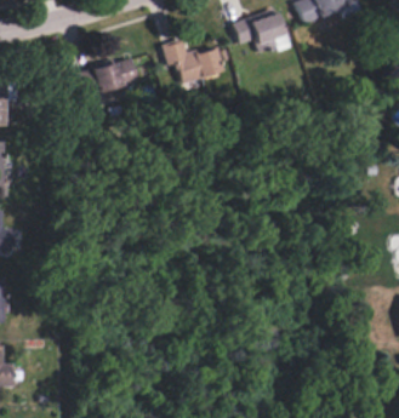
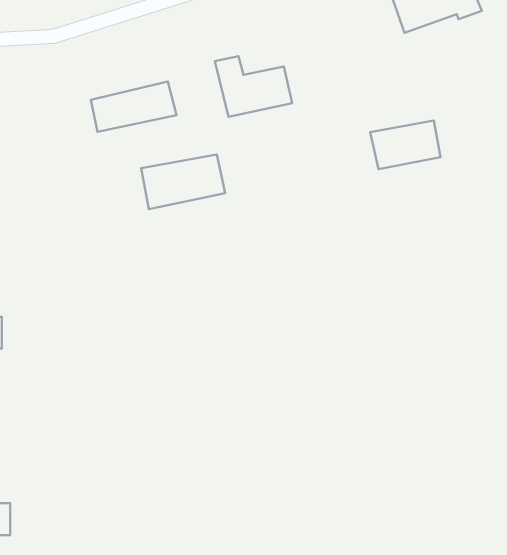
building: [235,13,286,48] -> [370,120,441,169]
building: none -> [141,155,225,209]

